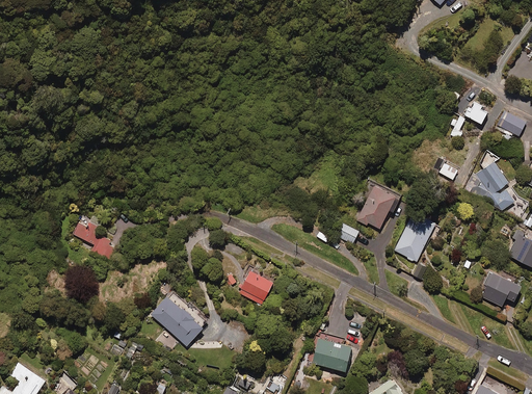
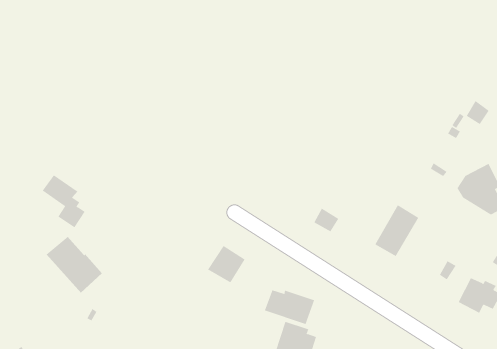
building: [354,181,398,228] -> none
building: [150,292,206,345] -> [46,236,103,294]
building: none -> [264,289,315,325]

